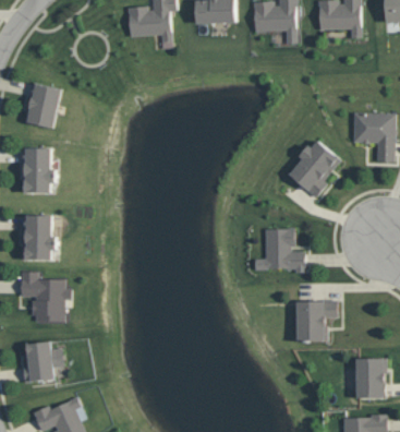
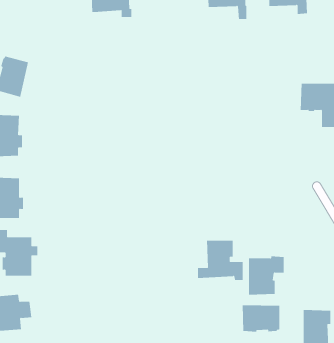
building: [289,141,340,197] -> none
building: [254,229,304,273] -> [197,240,244,281]
building: none -> [242,305,280,333]

